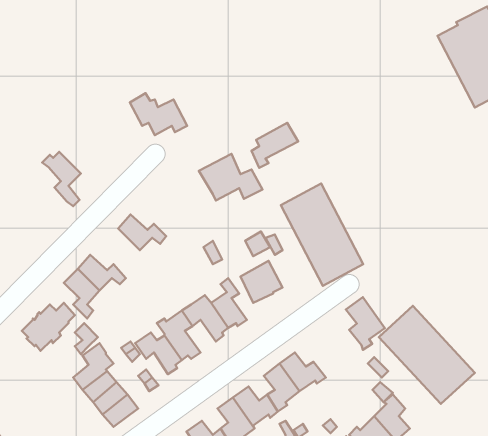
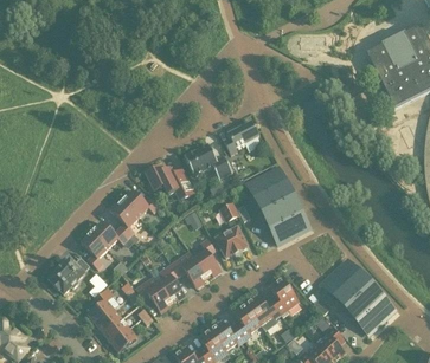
building: [130,93,187,135] -> [149,163,193,195]
building: [42,152,81,206] -> [109,200,139,241]
building: [346,297,385,350] -> [269,277,299,317]

